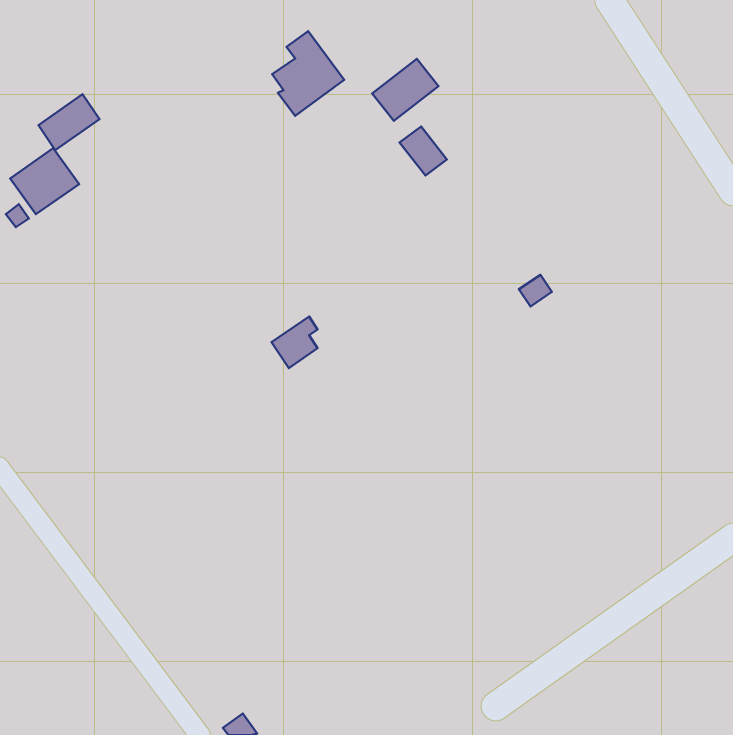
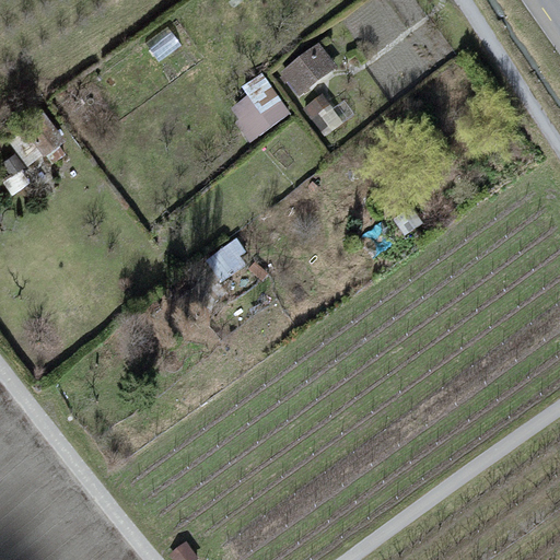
building: [272,31,344,116] -> [233,75,288,140]
building: [38,94,99,150] -> none

